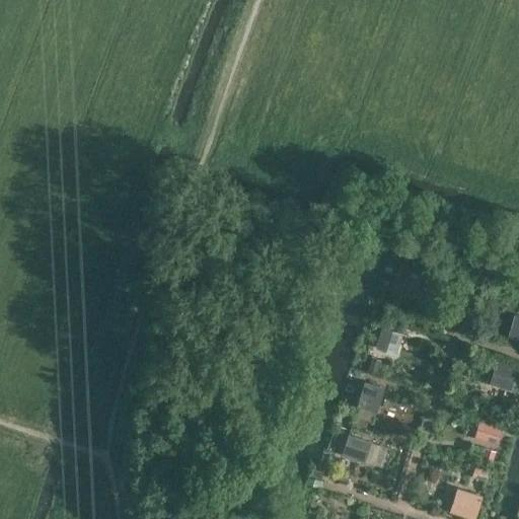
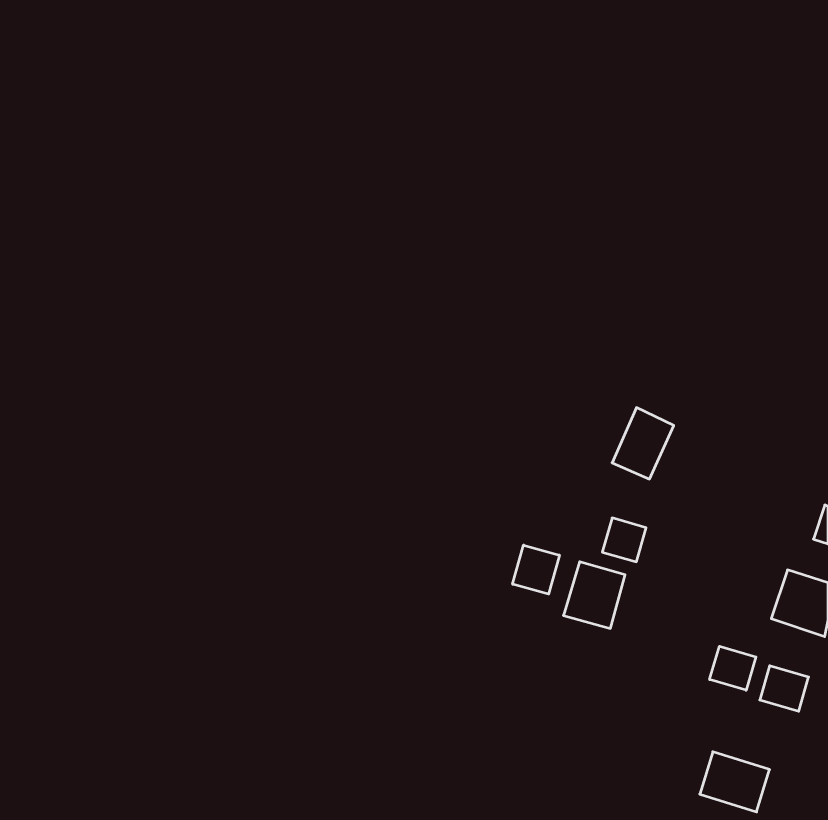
building: none -> [513,545,559,594]
building: none -> [710,646,756,690]
building: [341,436,373,467] -> none

